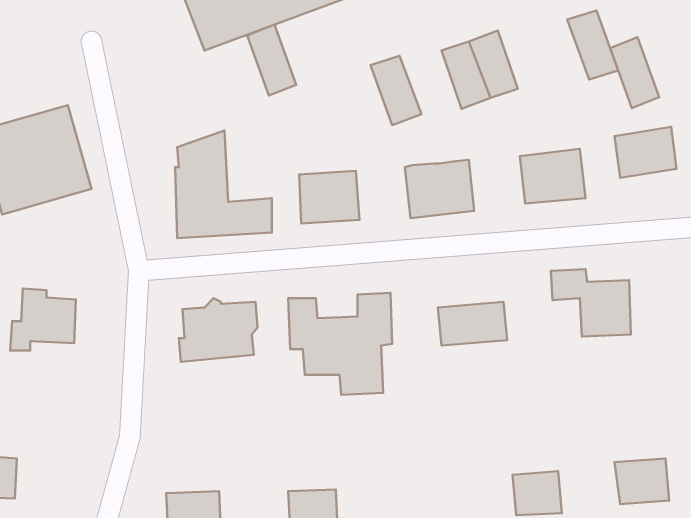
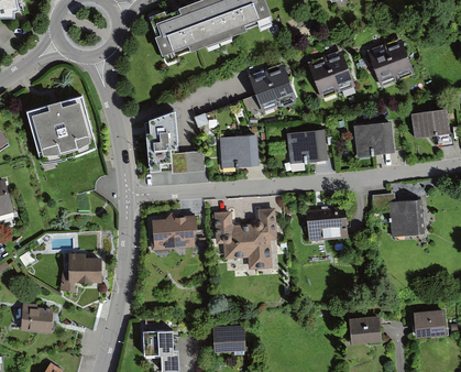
building: [247,25,296,96] -> [248,70,277,113]
building: [610,37,659,108] -> [366,43,396,86]
building: [10,288,76,350] -> [62,251,101,288]

